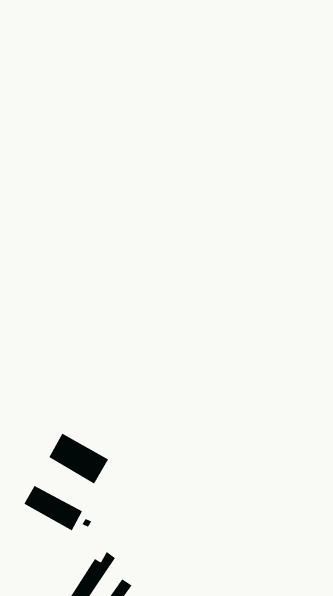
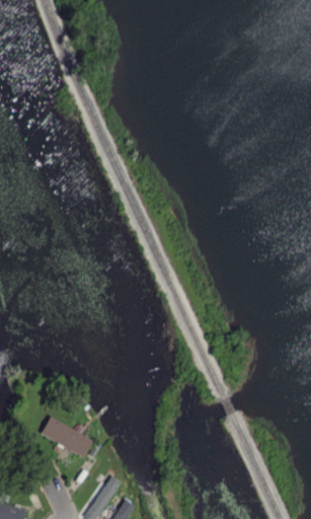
building: [48,433,109,484] -> none

